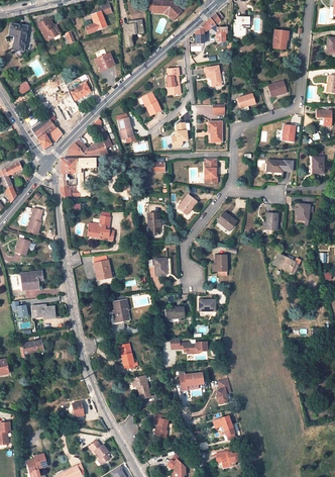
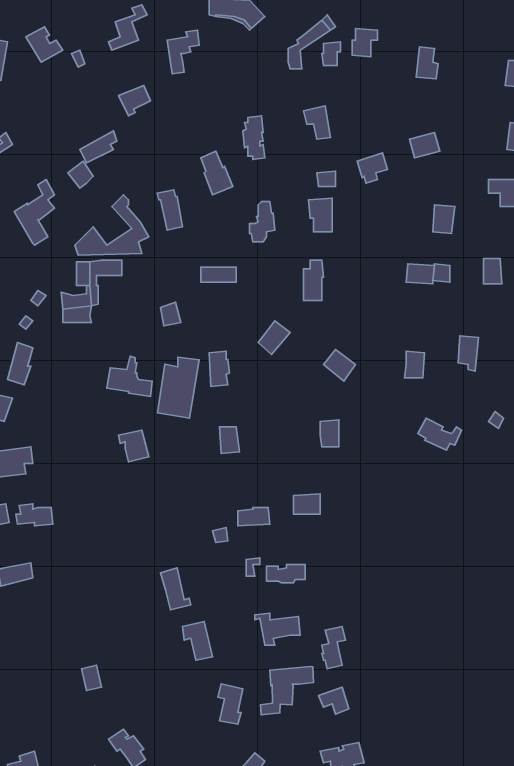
building: none -> [158,357,199,418]
building: [110,299,131,324] -> none
building: none -> [260,666,314,715]

